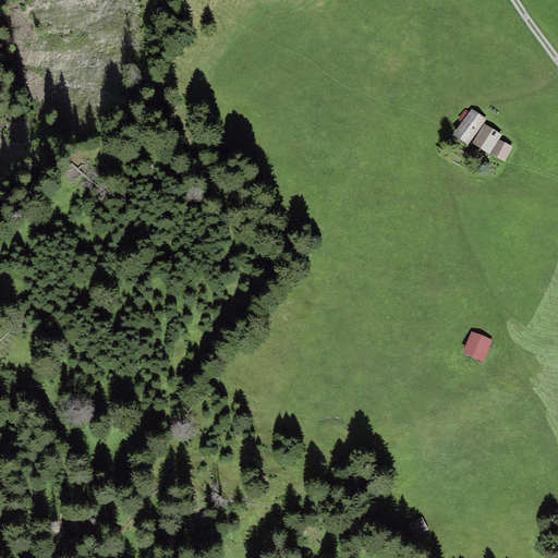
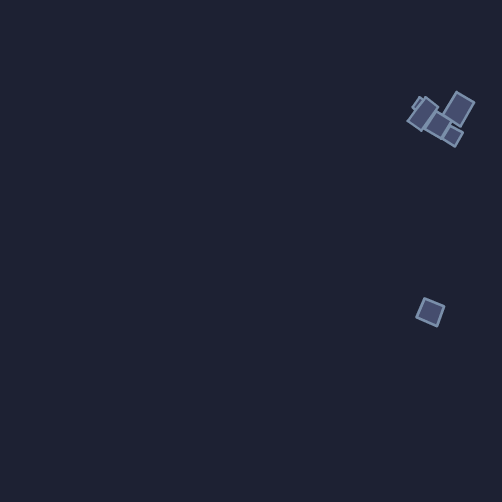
building: none -> [443,92,474,126]

